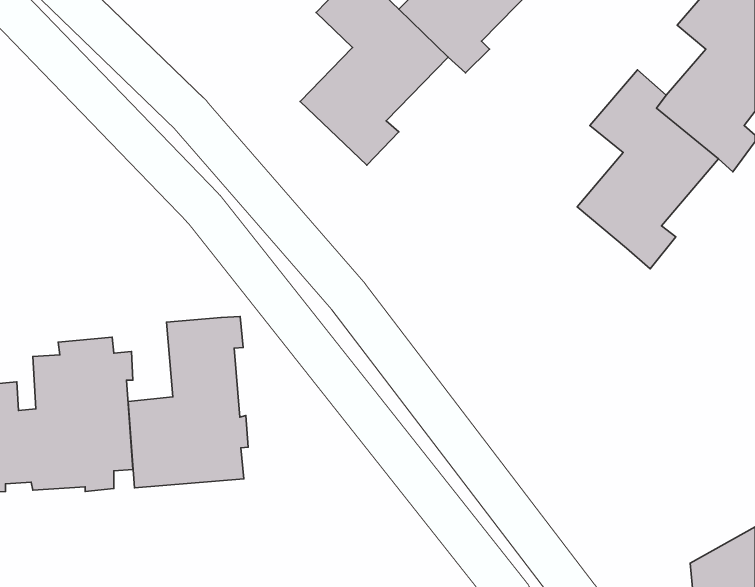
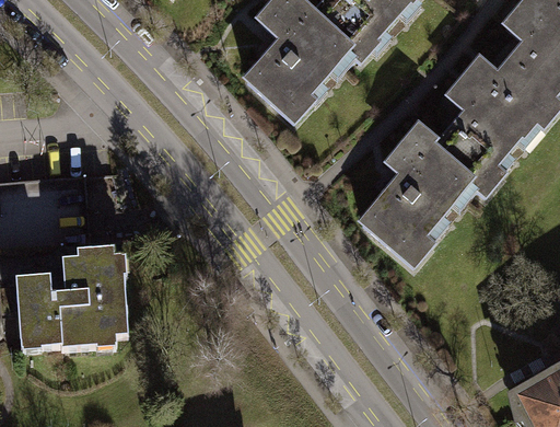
building: none -> [363,126,470,265]
building: [128,317,248,488] -> none

